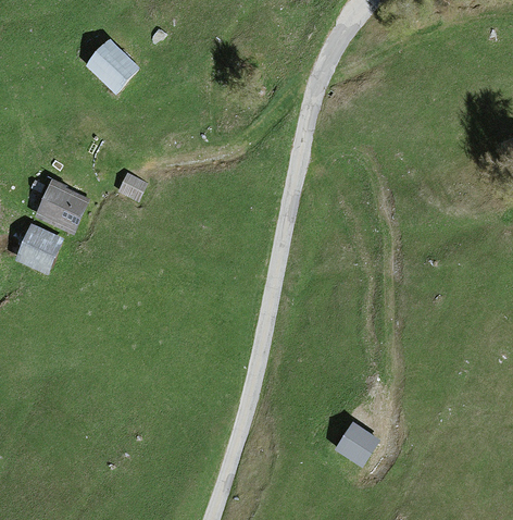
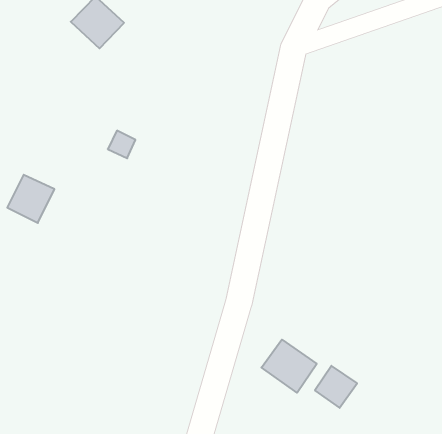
building: [34,174,87,226] -> none
building: none -> [261,340,317,393]

